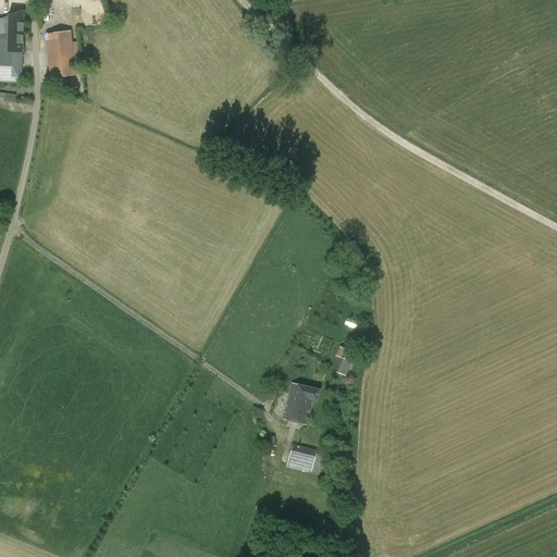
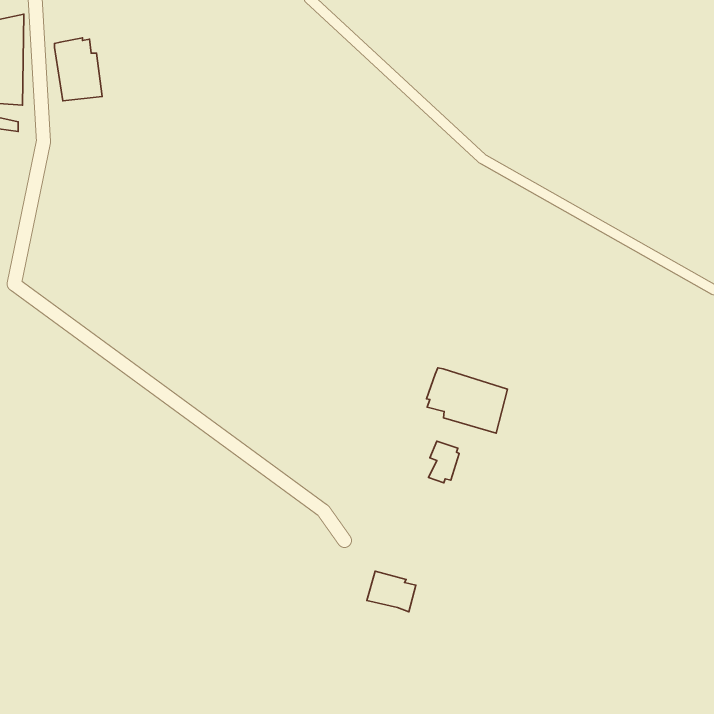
building: none -> [427,368,508,433]
building: [283,382,318,424] -> none

